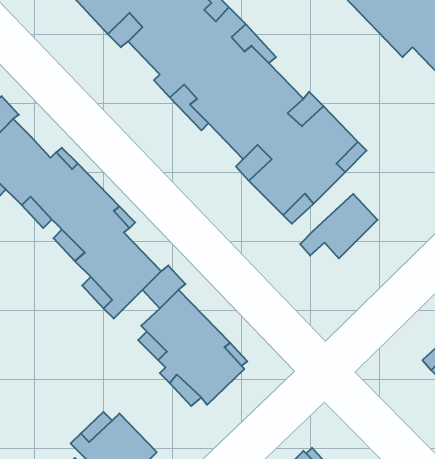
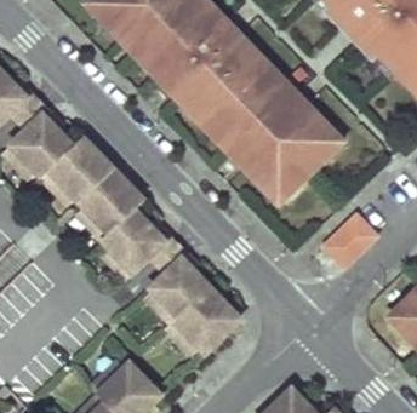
building: [300,194,378,258] -> [312,212,377,266]

